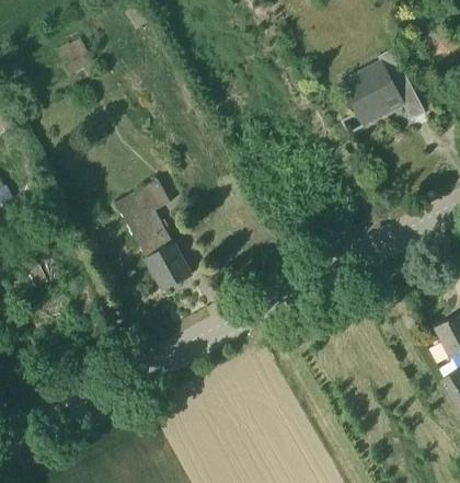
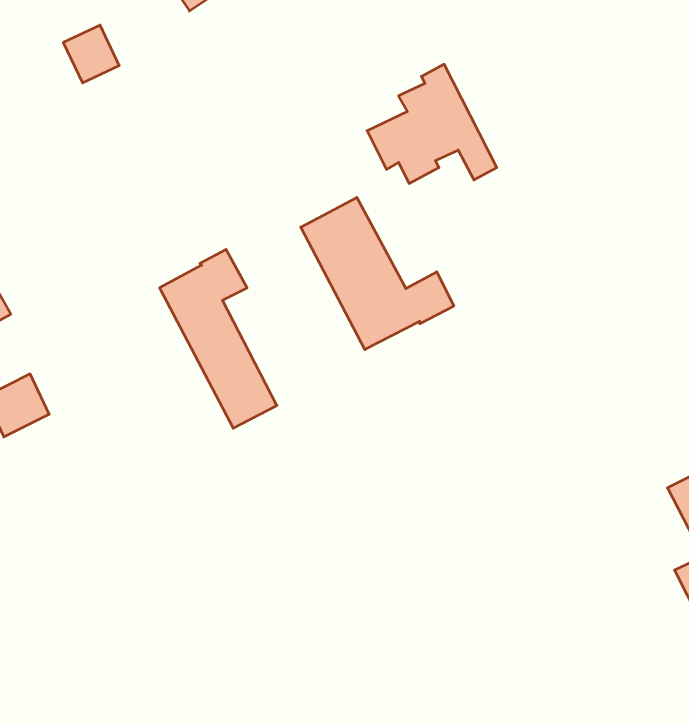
building: [343,49,424,124] -> [367,64,497,183]
building: none -> [301,197,454,350]

